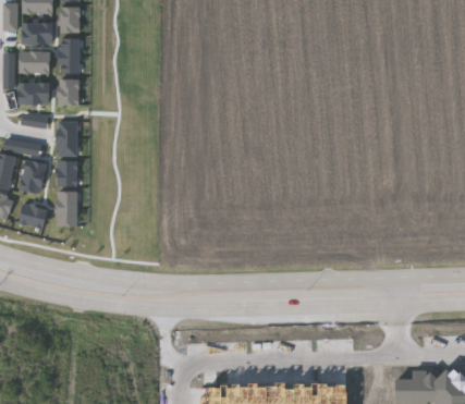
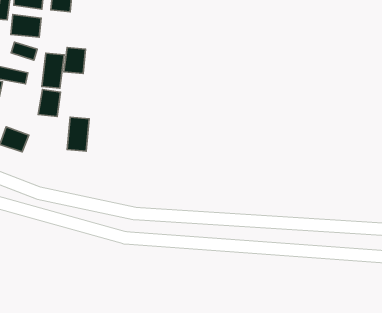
building: [58,78,78,105] -> [64,48,85,74]
building: [20,159,46,194] -> none
building: [56,191,76,225] -> [67,117,89,151]

